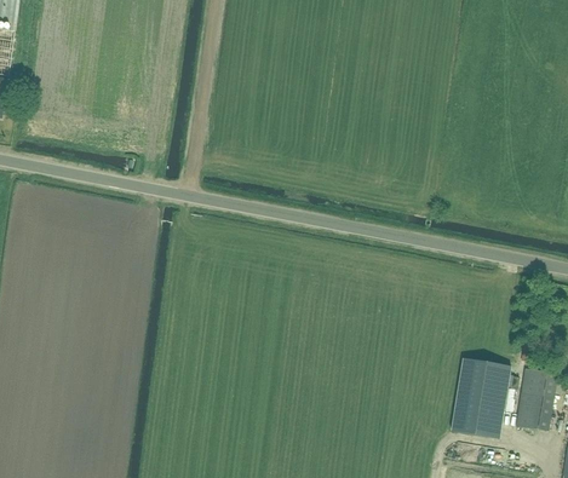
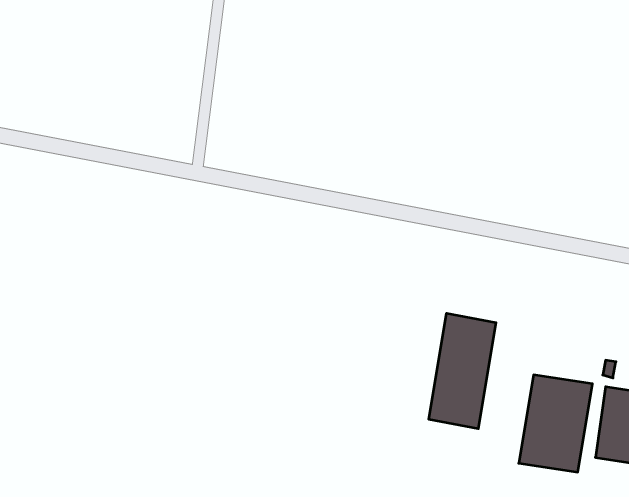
building: none -> [429,313,496,429]

